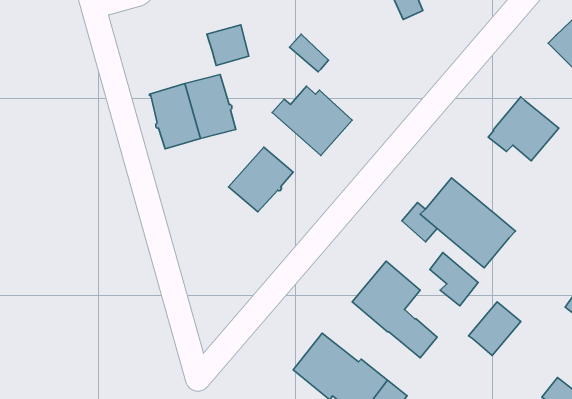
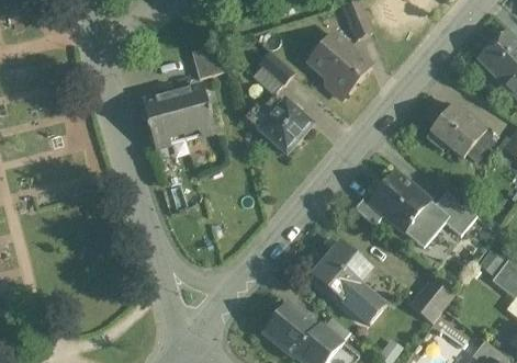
building: none -> [316,33,370,98]
building: [229,147,293,212] -> none
building: [430,252,478,306] -> [436,190,476,235]

